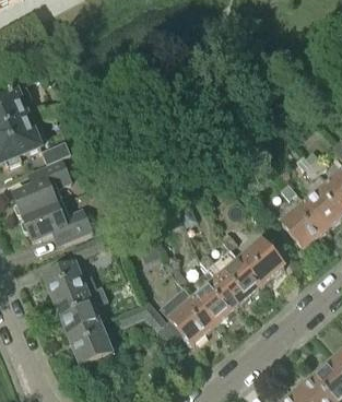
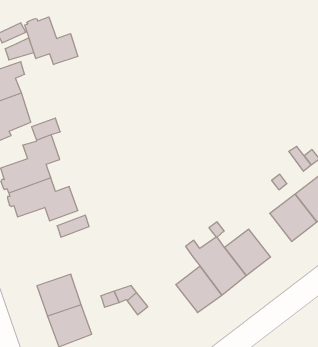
building: none -> [25,17,78,65]
building: [42,260,97,305] -> none
building: [168,296,214,343] -> none

